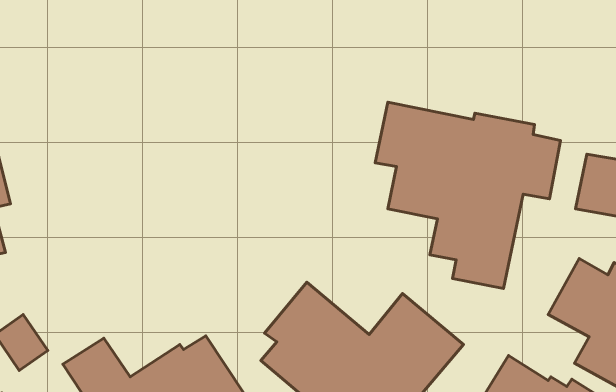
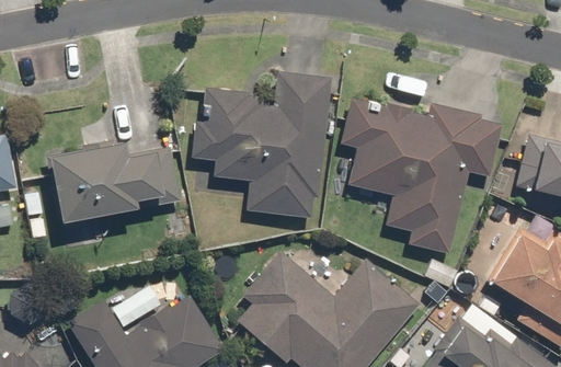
building: none -> [193,76,329,219]
building: none -> [45,139,165,222]

